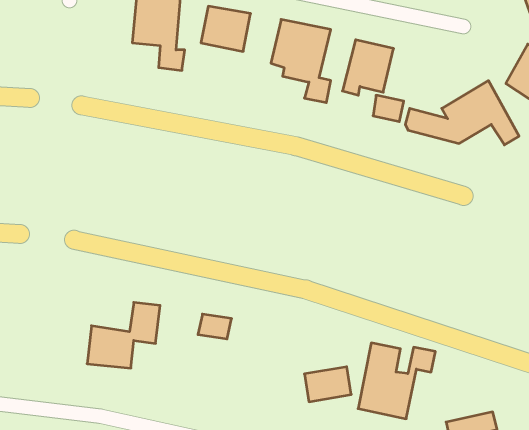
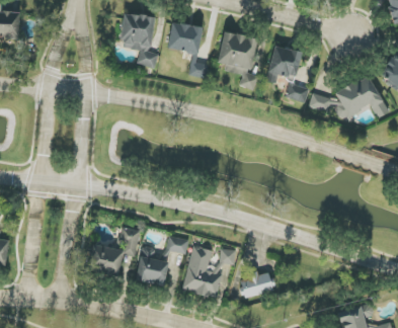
building: none -> [137,246,168,285]
building: [358,343,435,419] -> [183,245,237,298]

